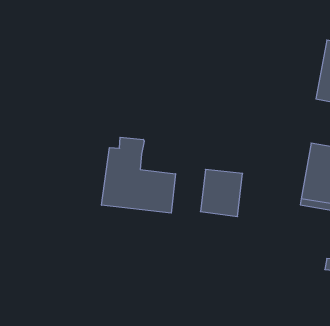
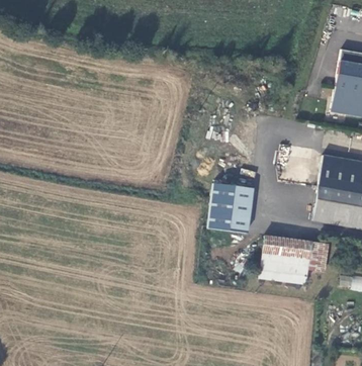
building: [102,137,176,213] -> none
building: none -> [260,236,329,282]

